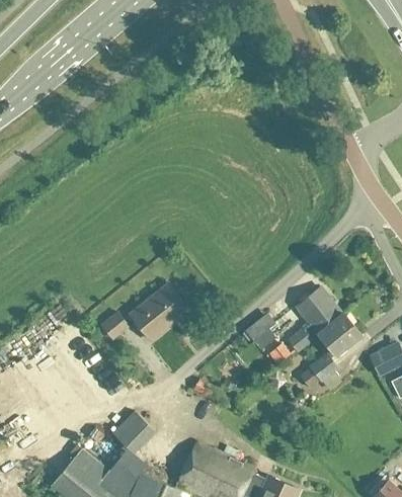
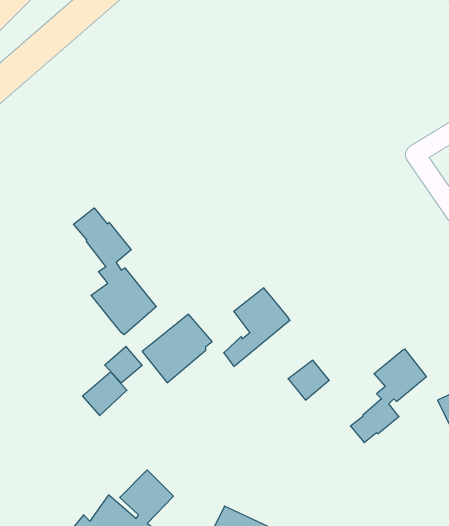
building: none -> [74,208,156,335]
building: [288,288,341,352] -> [224,288,290,366]
building: none -> [83,372,127,416]

